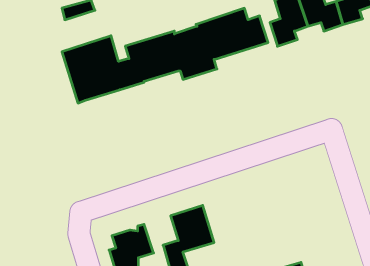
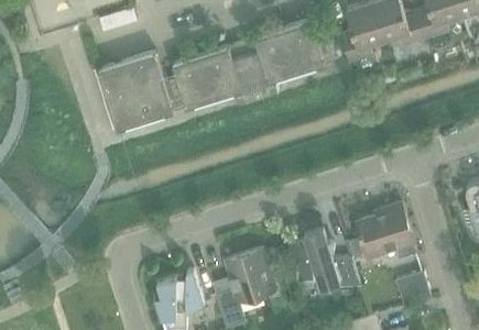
building: none -> [358,205,416,258]
building: none -> [287,230,360,290]
building: none -> [395,272,431,306]

